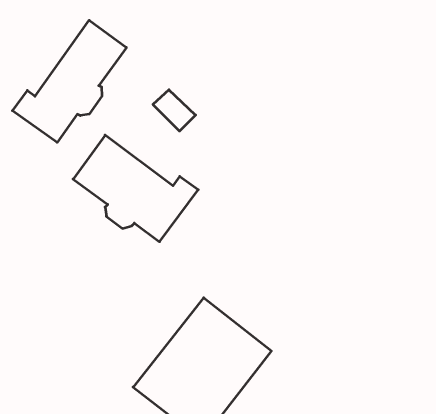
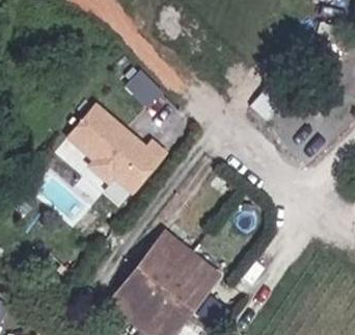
building: [12,20,126,142] -> none

